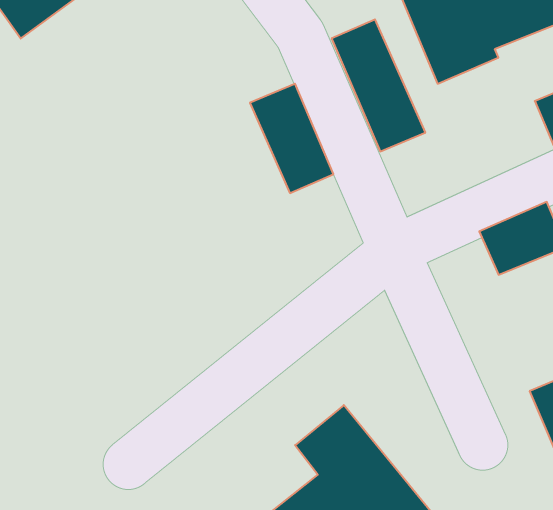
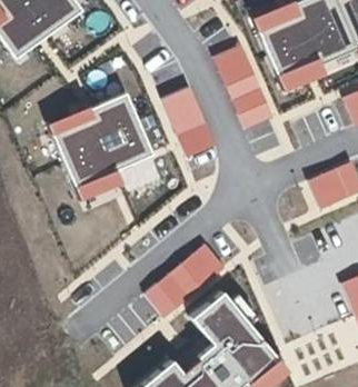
building: none -> [52,91,152,194]
building: none -> [146,245,227,319]

